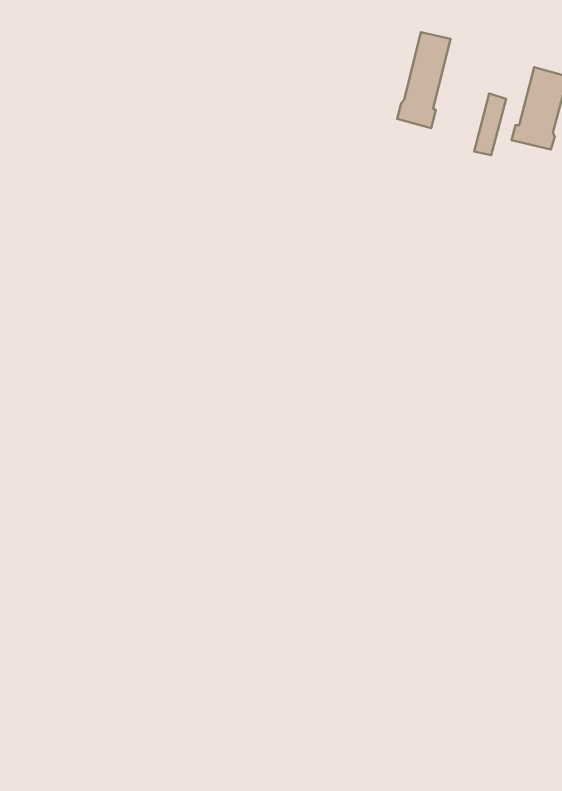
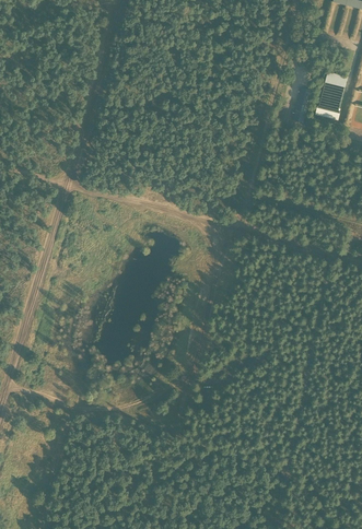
building: [397,32,451,128] -> none

